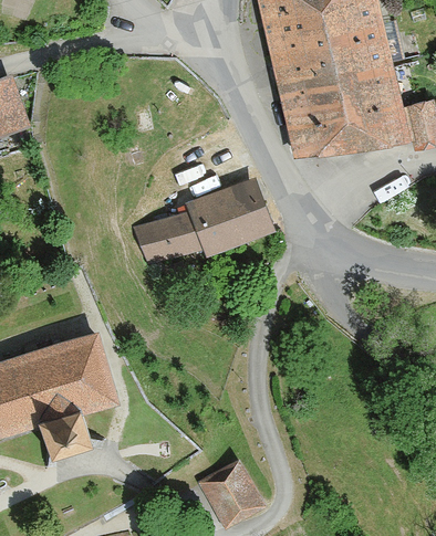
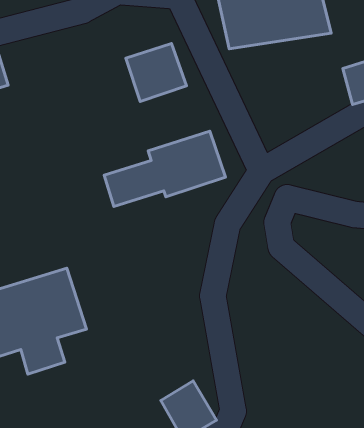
building: [278,69,409,155] -> none
building: none -> [126,43,187,102]

